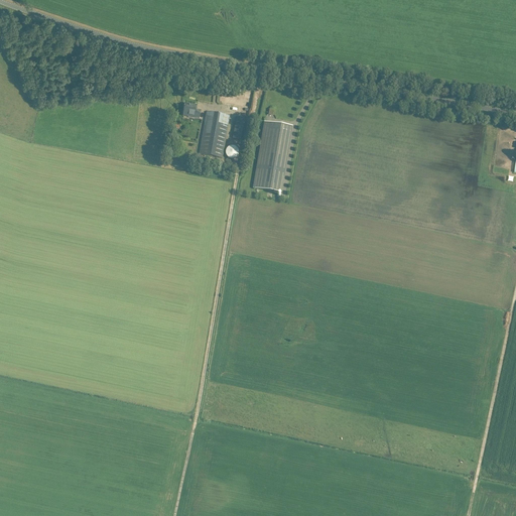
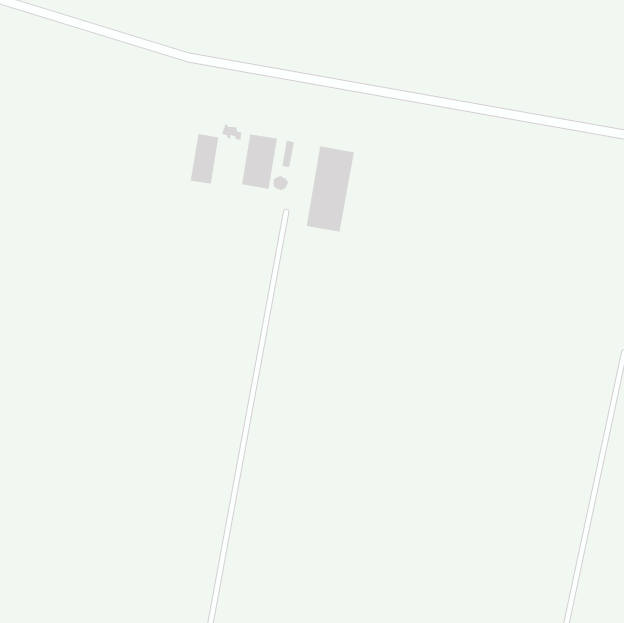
building: none -> [190,133,219,185]

